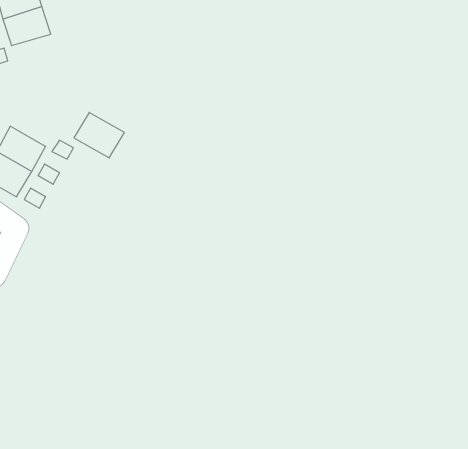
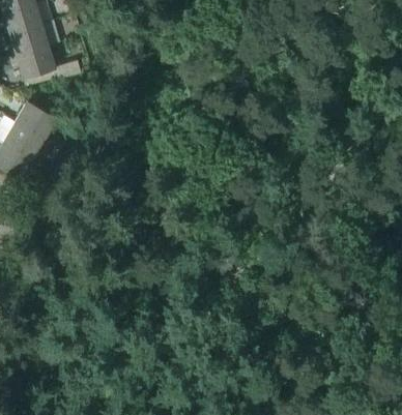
building: none -> [16,46,54,79]
building: [74,112,124,158] -> [15,100,56,138]

